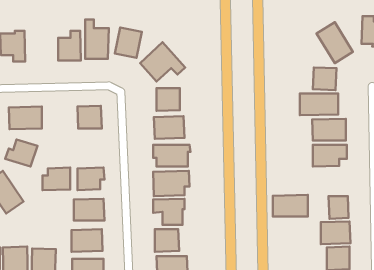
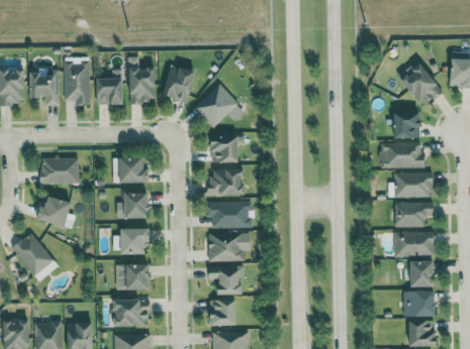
building: none -> [63,62,89,104]
building: [42,168,70,190] -> [116,193,149,219]
building: [273,195,308,217] -> [393,231,434,256]

